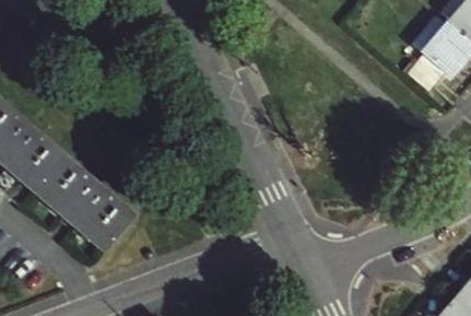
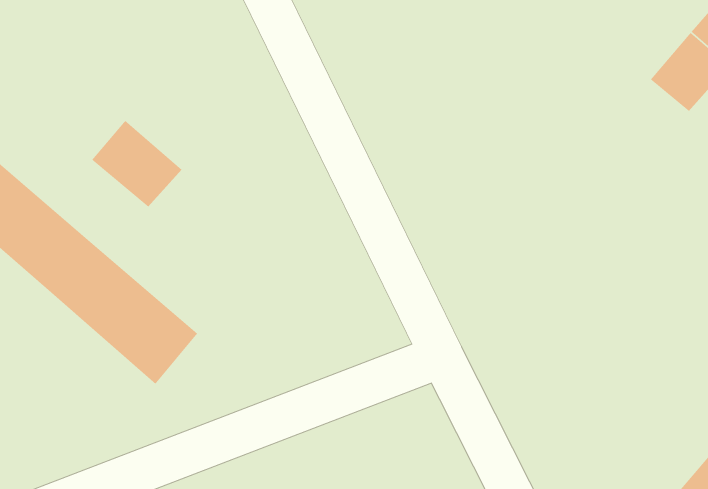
building: none -> [91,120,182,208]

